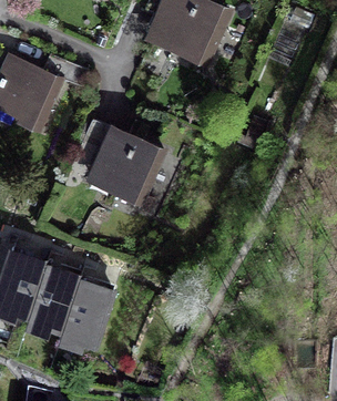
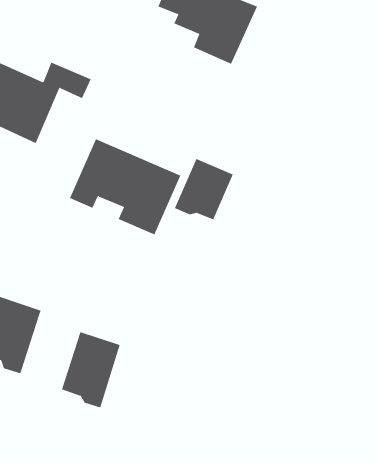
building: none -> [174,158,233,220]
building: [31,268,81,332] -> none

